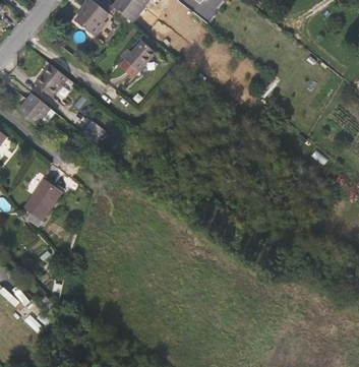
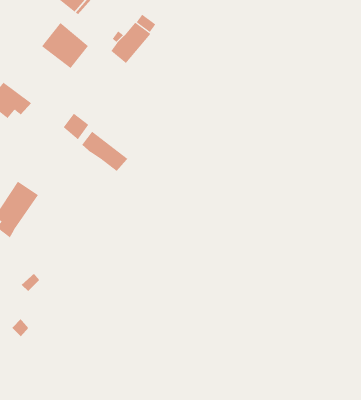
building: [33,65,73,105] -> [41,22,89,69]
building: none -> [81,131,128,173]

